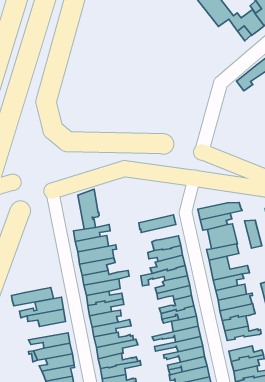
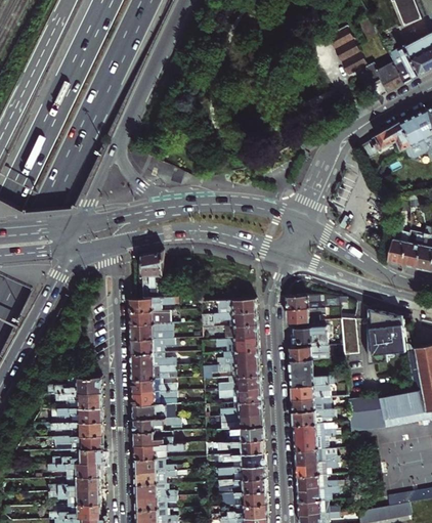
building: none -> [201,311,257,329]
building: [11,287,54,306] -> [51,408,102,424]
building: none -> [296,461,337,477]

